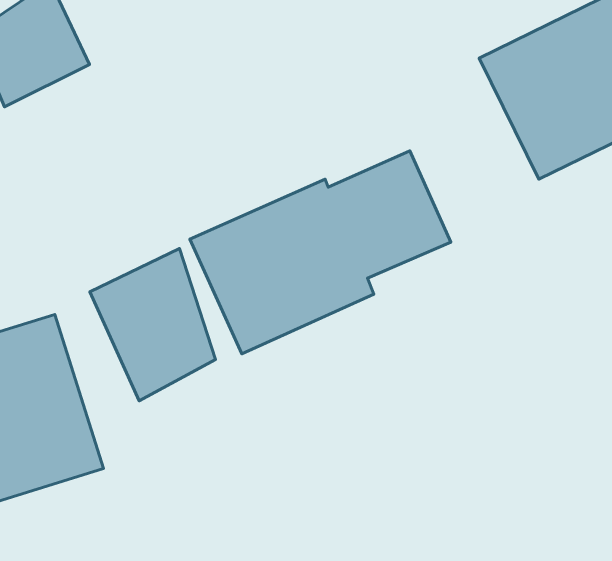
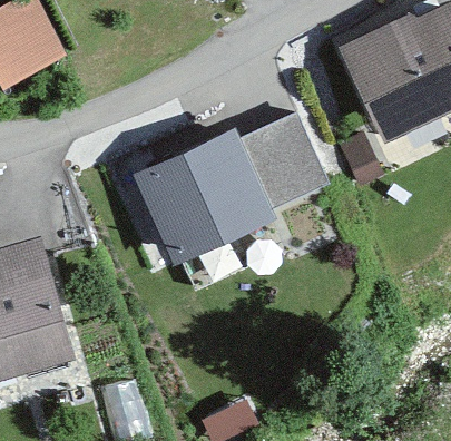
building: [90,249,215,401] -> none

